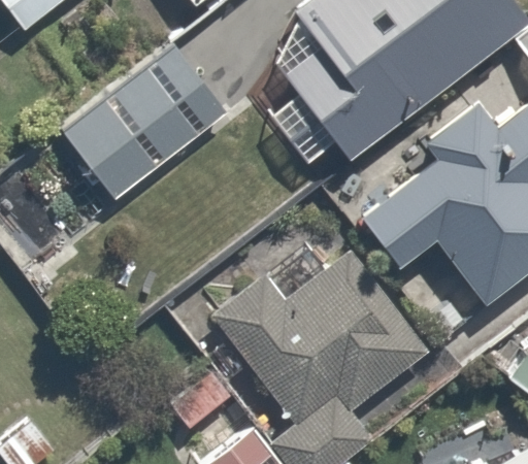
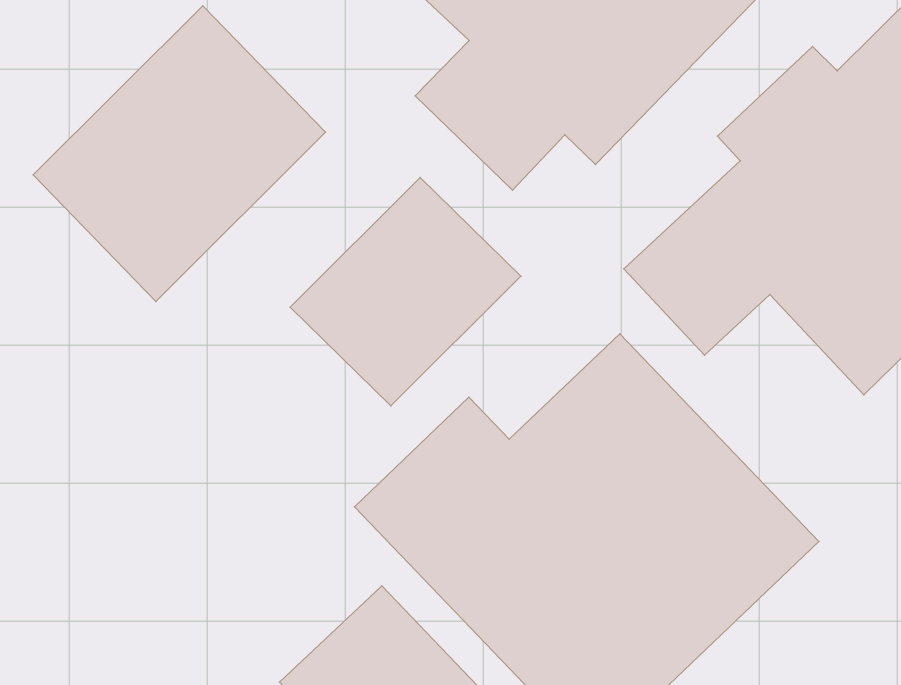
building: none -> [290,178,521,406]

